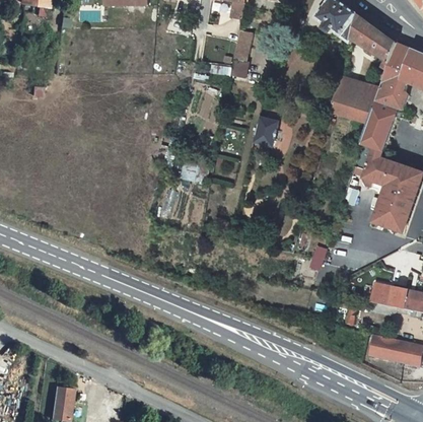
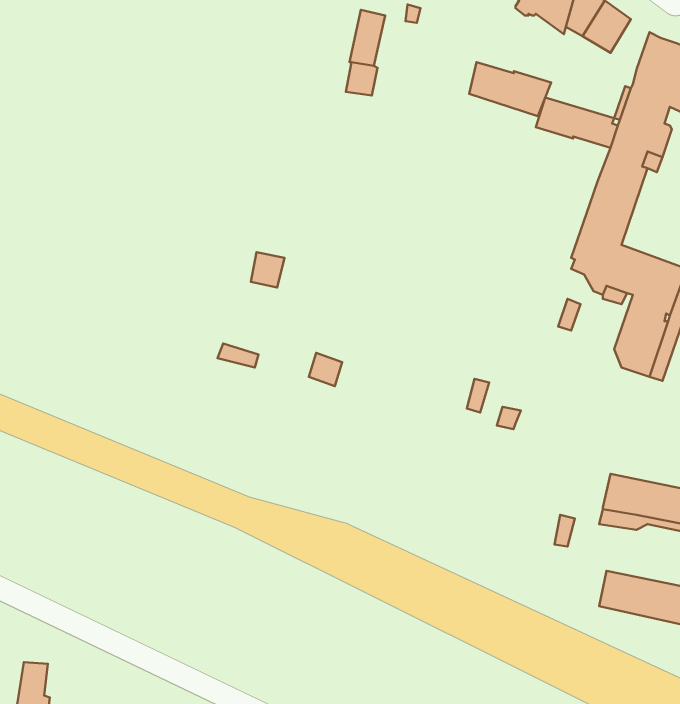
building: [374,34,396,70] -> none
building: [330,93,374,123] -> [469,62,551,116]
building: [253,118,277,146] -> none

